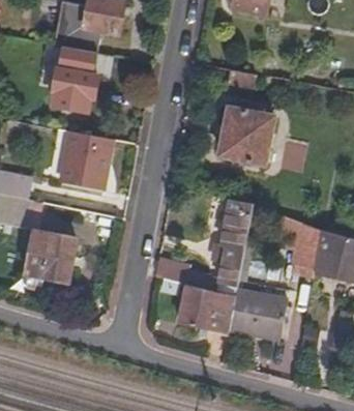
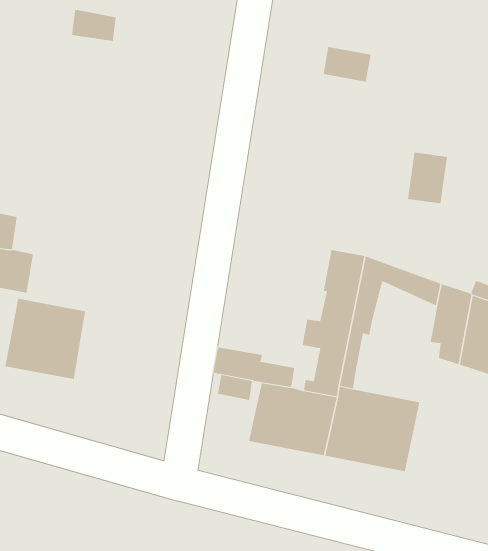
building: [53,68,96,106] -> none
building: [217,109,274,165] -> none
building: [61,130,111,189] -> none

